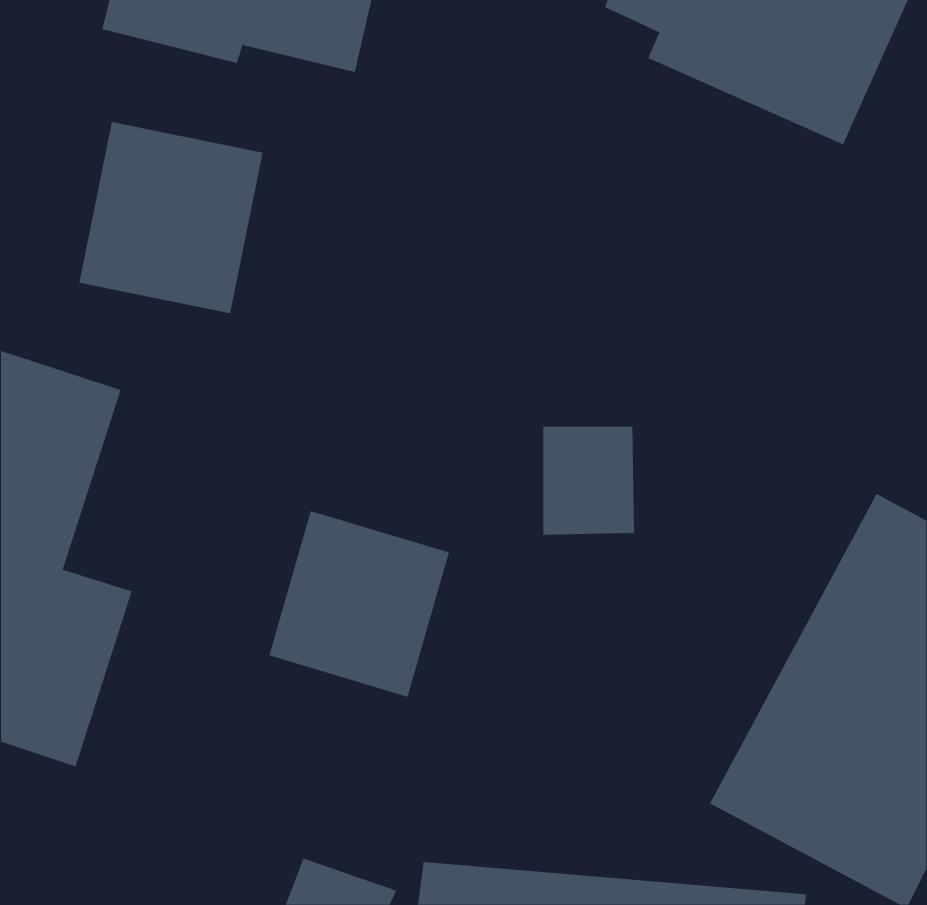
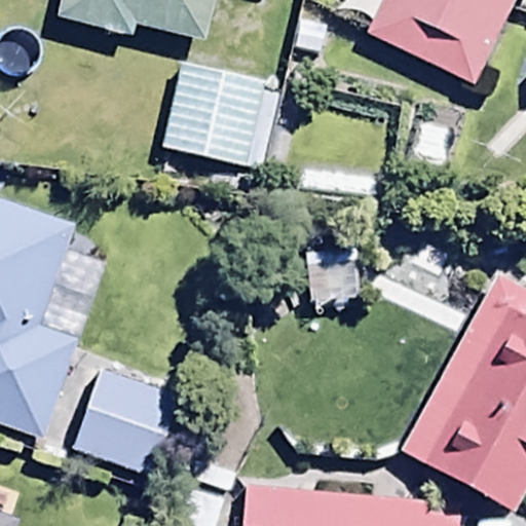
building: [78,122,264,314] -> [159,57,264,165]
building: [268,511,450,697] -> [72,369,175,475]

